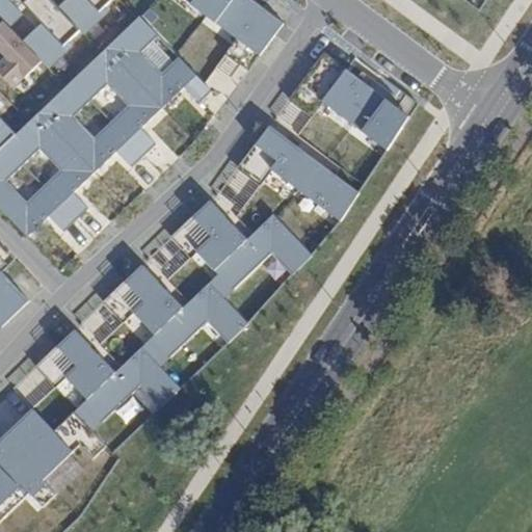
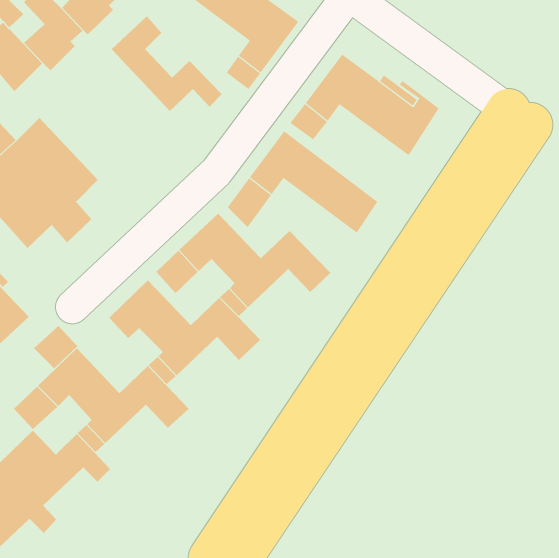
building: [37,47,161,170] -> none
building: [79,301,122,343] -> [33,325,78,369]

